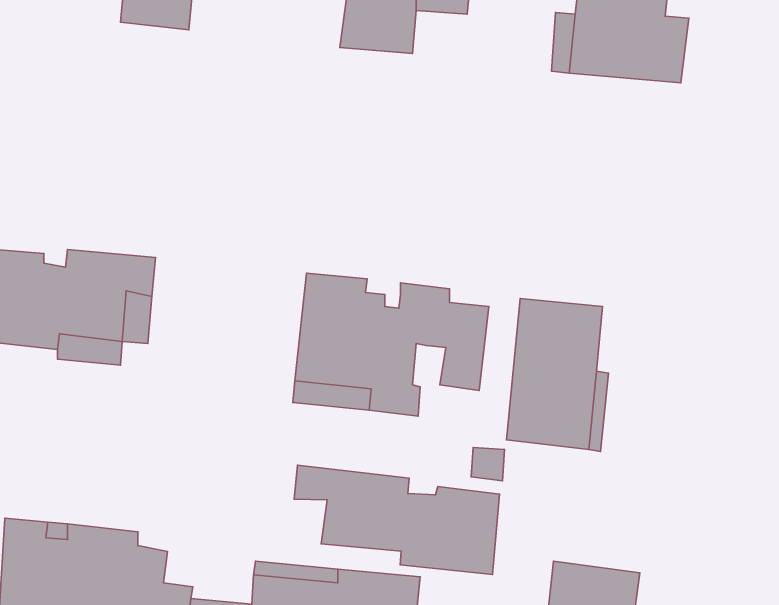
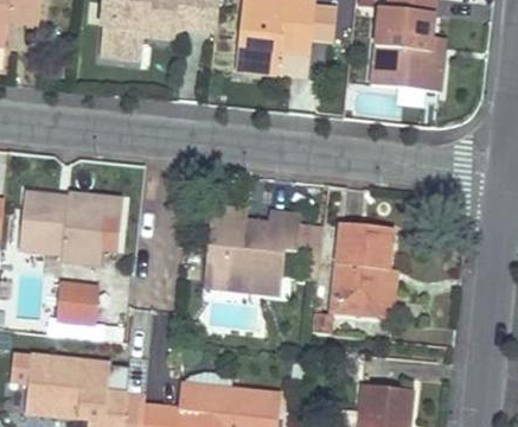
building: none -> [56,282,98,323]
building: [294,465,500,574] -> none

